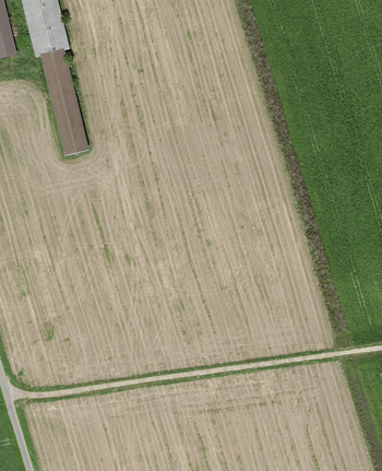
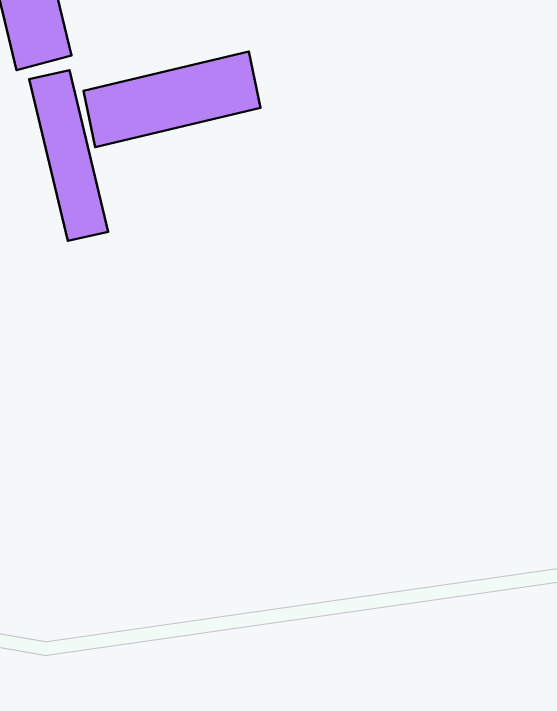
building: none -> [84,51,261,147]

